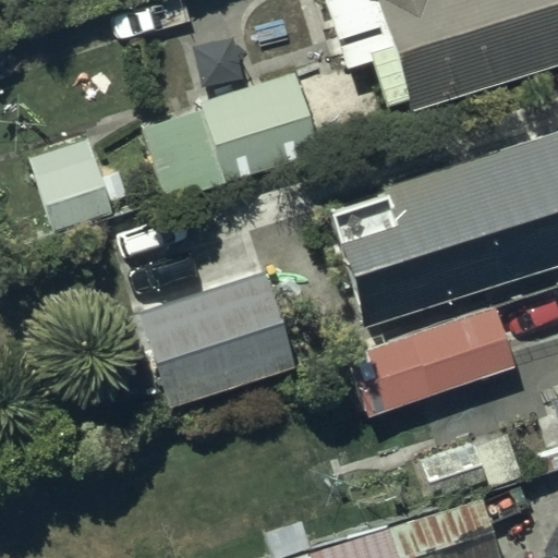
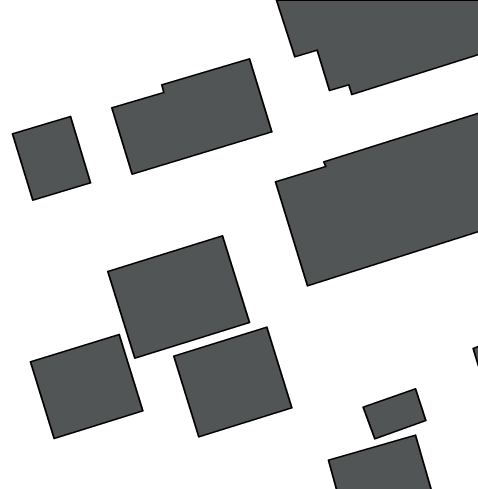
building: [349,307,520,414] -> none
building: none -> [174,327,292,437]
building: none -> [30,334,143,438]

